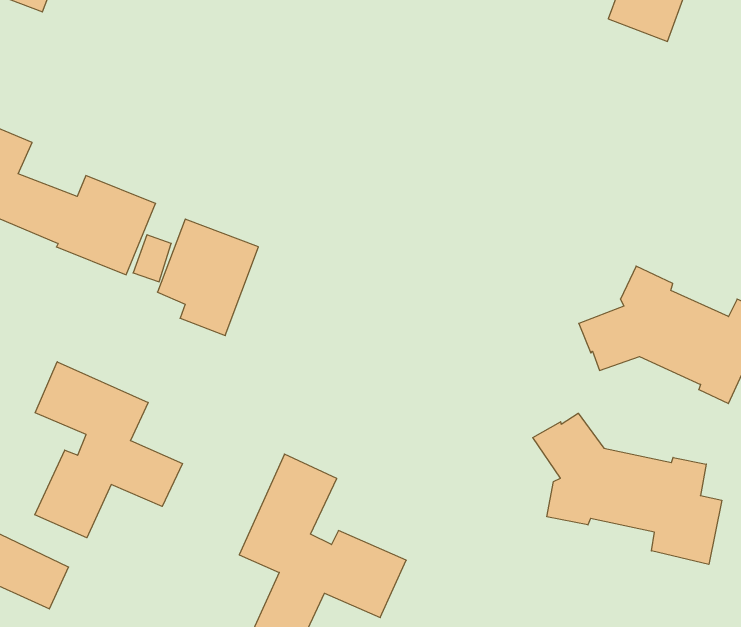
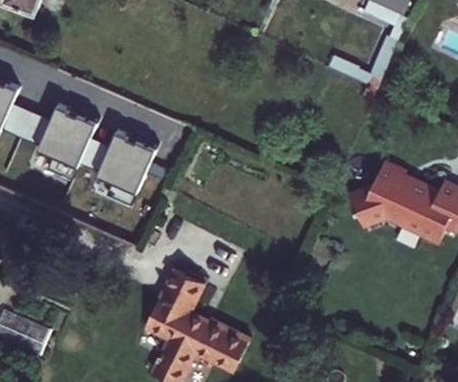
building: [35,362,182,538] -> none
building: [533,413,722,564] -> none

